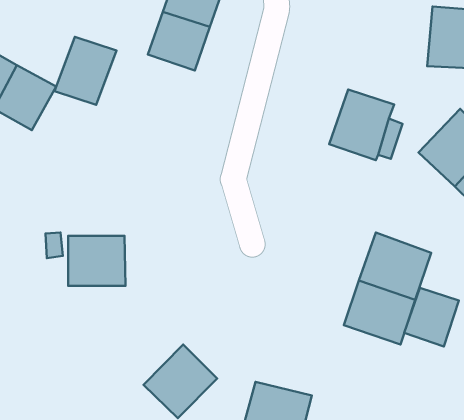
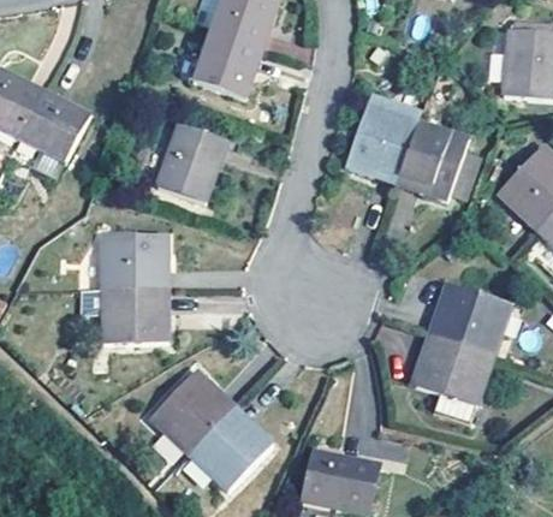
building: [55,37,116,105] -> [155,123,225,200]
building: none -> [346,102,418,180]
building: none -> [102,233,166,284]
building: [404,288,459,346] -> none
building: none -> [149,369,232,452]

